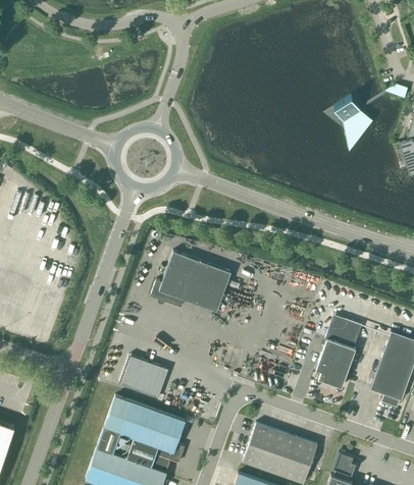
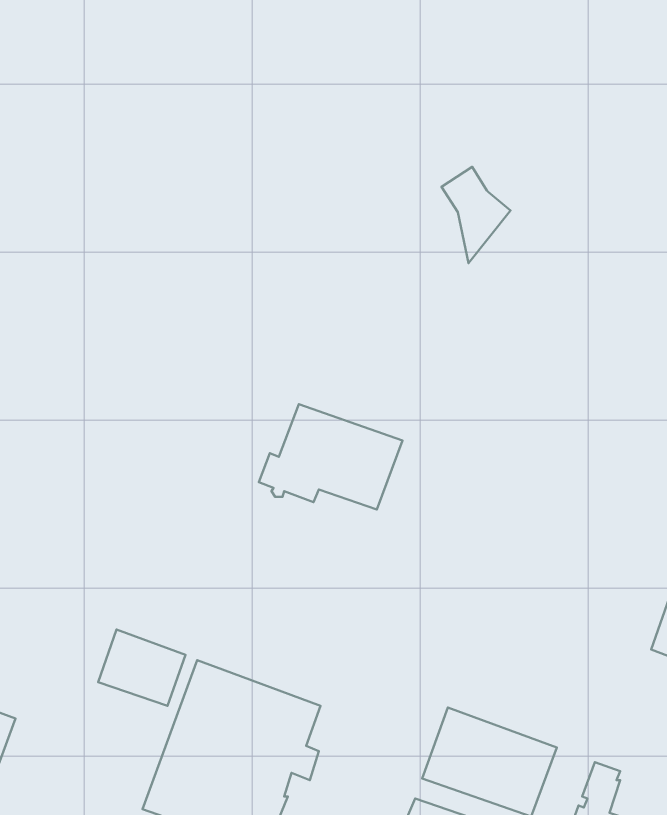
building: [333,97,372,151] -> [441,167,510,263]
building: [312,316,361,388] -> none
building: [118,356,167,398] -> [98,630,186,706]

